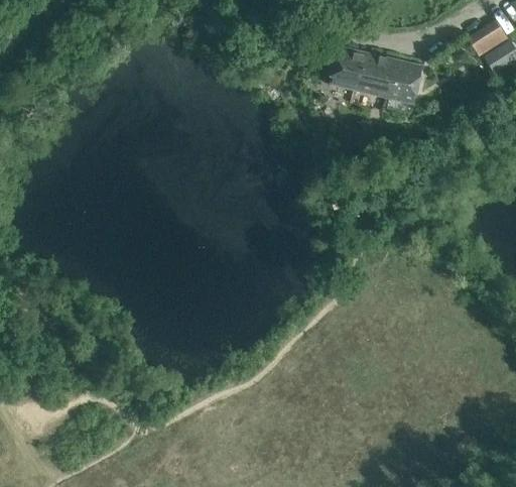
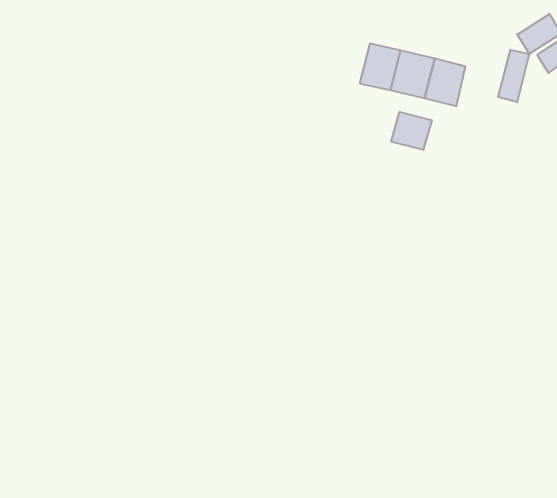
building: none -> [498,50,529,102]
building: none -> [391,112,432,150]

